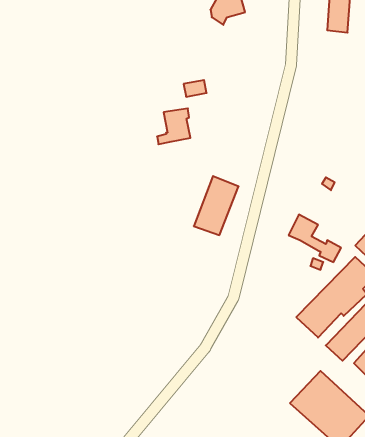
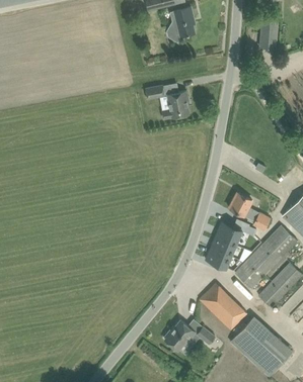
building: [157,108,190,144] -> [162,91,188,119]
building: [194,176,239,235] -> [207,220,242,267]
building: none -> [200,283,247,329]
building: none -> [164,319,215,351]

